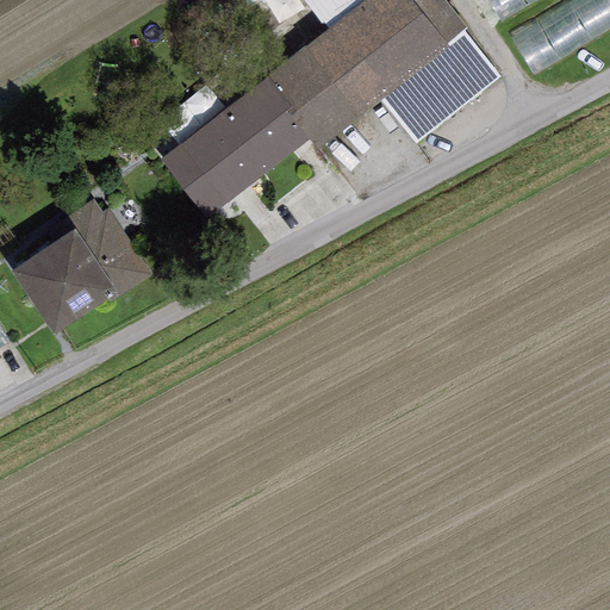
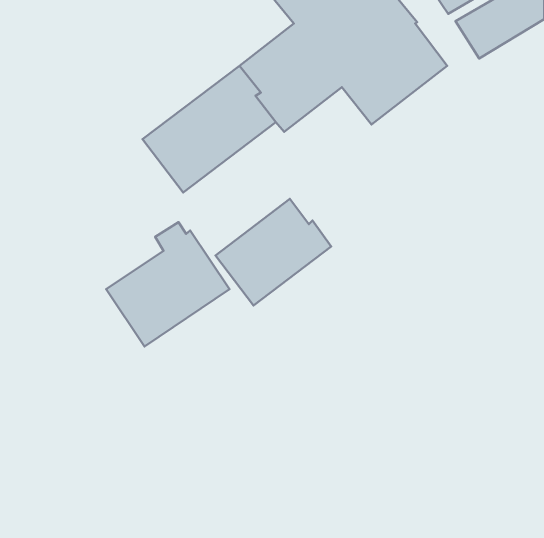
building: [12,195,150,335] -> [106,222,230,346]
building: none -> [215,199,331,306]

